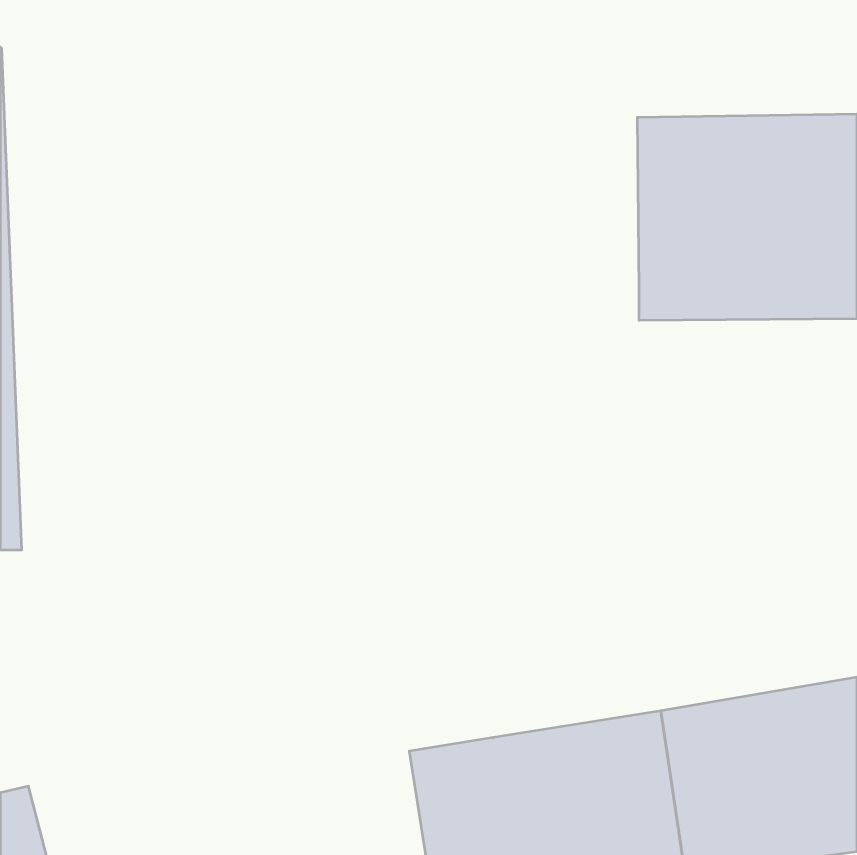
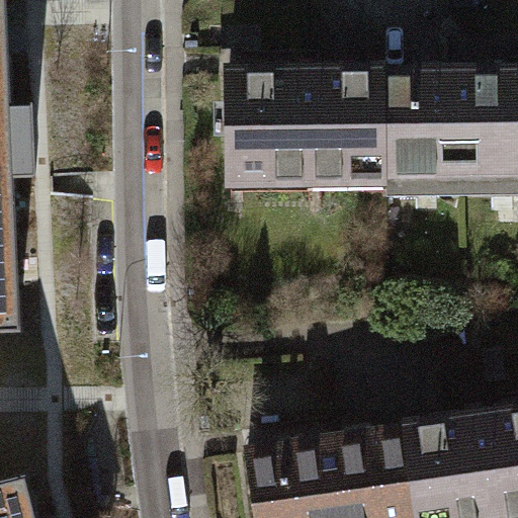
building: none -> [228,72,385,177]

